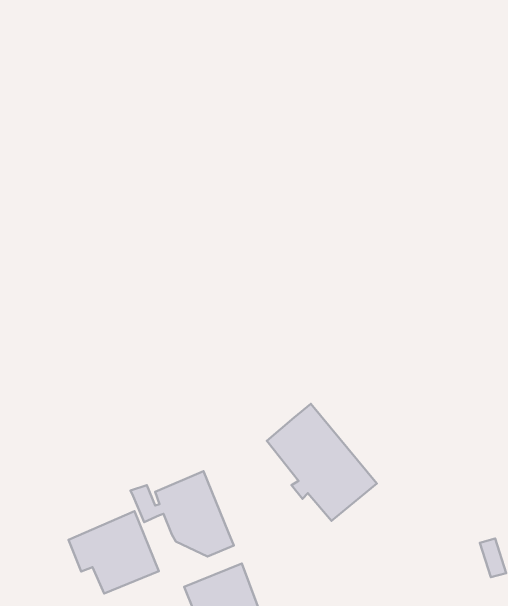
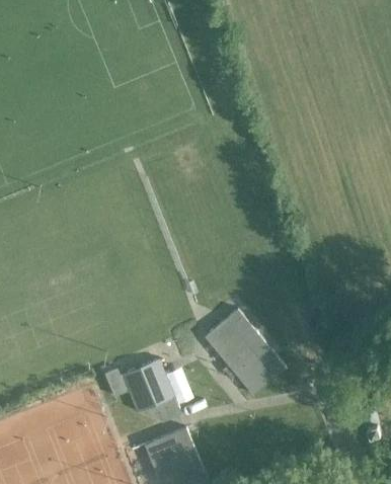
building: [69,511,159,593] -> none

